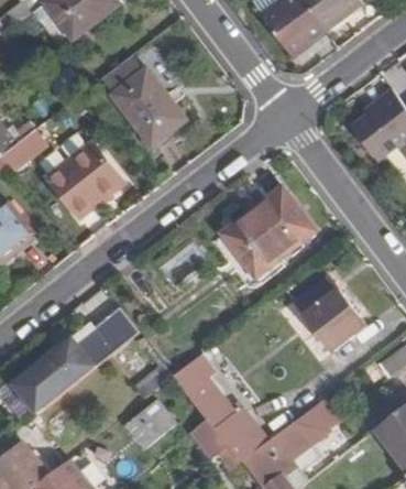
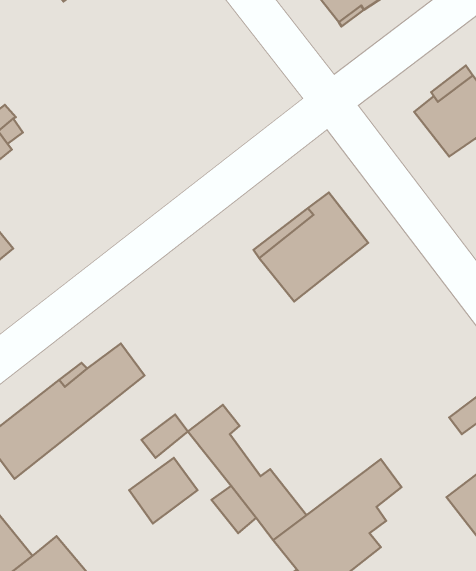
building: [101,56,188,145] -> none
building: [50,148,125,221] -> none
building: [297,278,364,349] -> none

